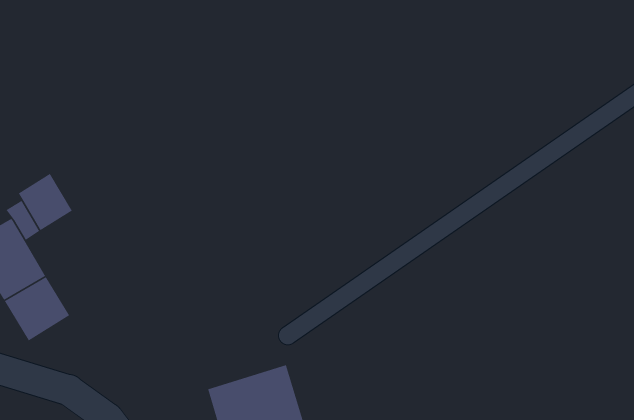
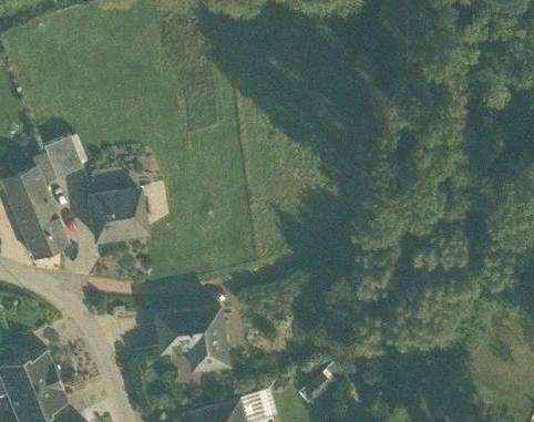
building: none -> [90,188,146,239]

